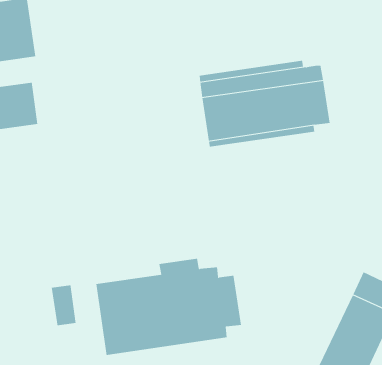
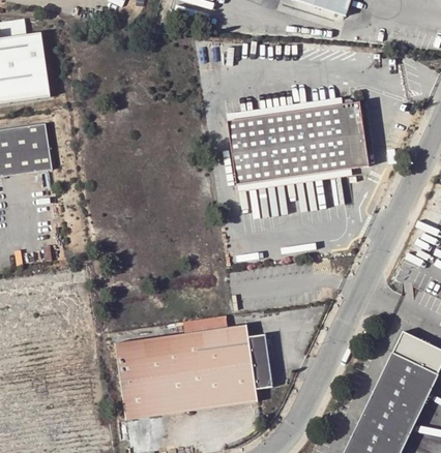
building: [51,284,76,326] -> none

